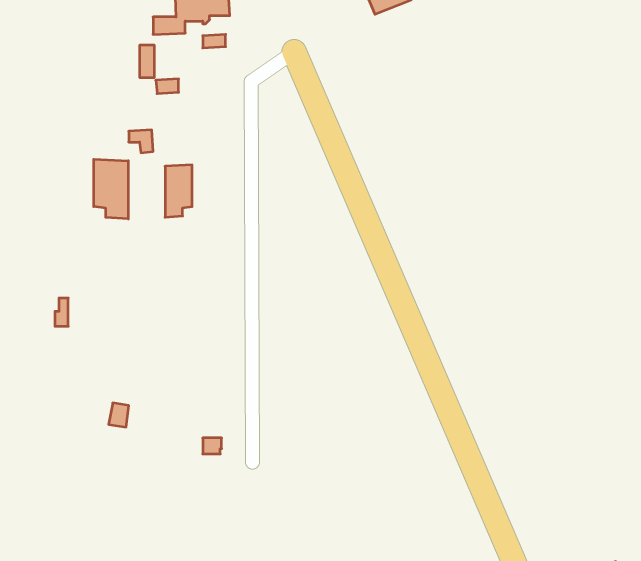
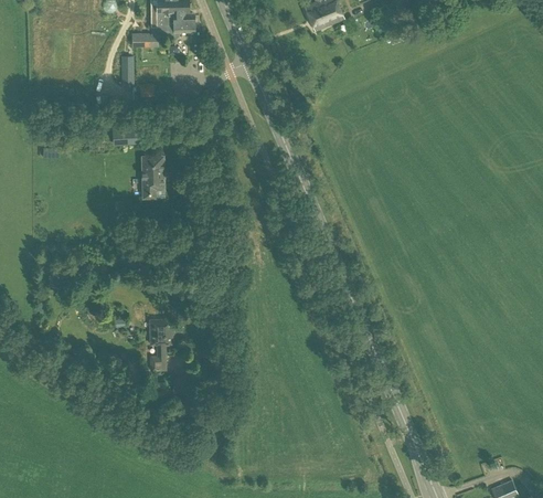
building: [94,159,128,219] -> none
building: none -> [150,317,173,369]

